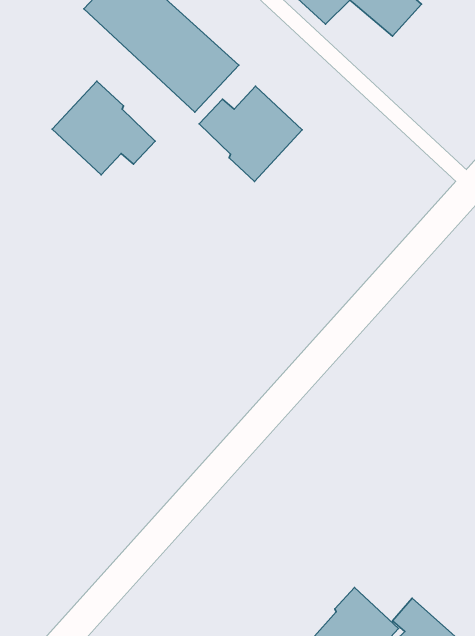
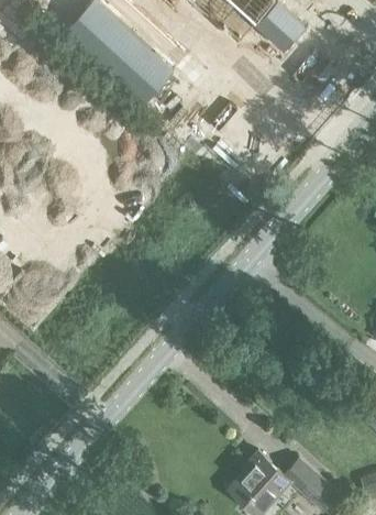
building: [52,81,155,175] -> none
building: [199,86,302,181] -> none

